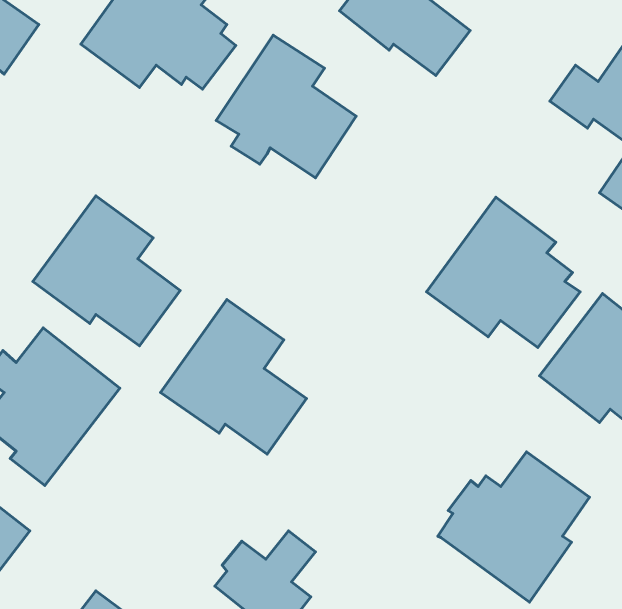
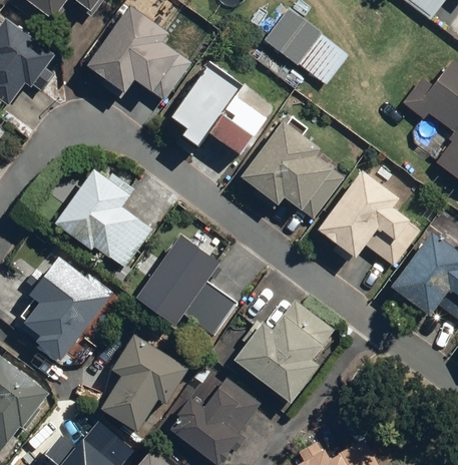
building: none -> [239,116,341,219]
building: none -> [99,331,190,435]
building: [438,452,590,602] -> [231,303,332,403]

